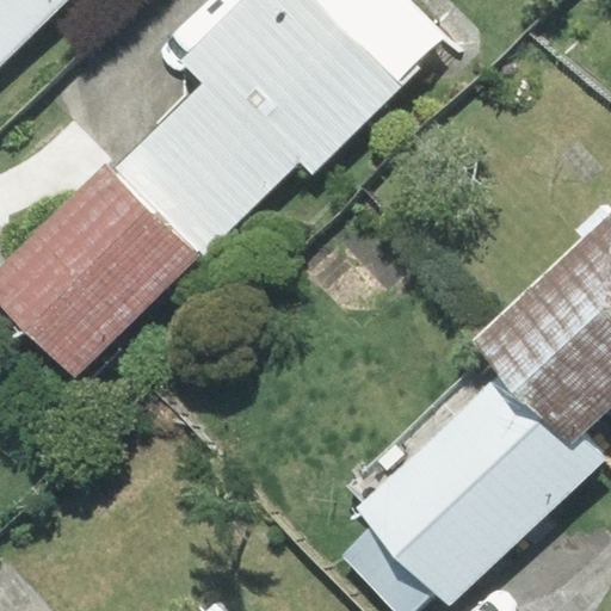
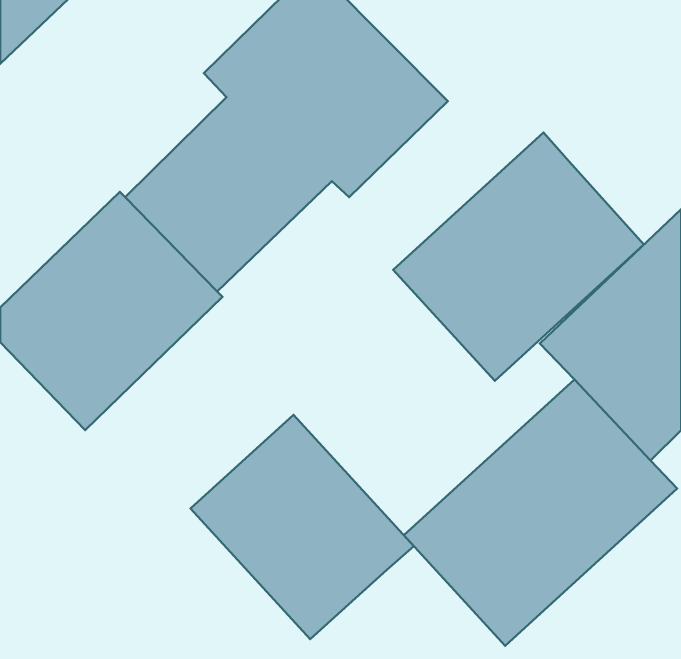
building: none -> [393,132,644,381]
building: none -> [191,415,414,639]

